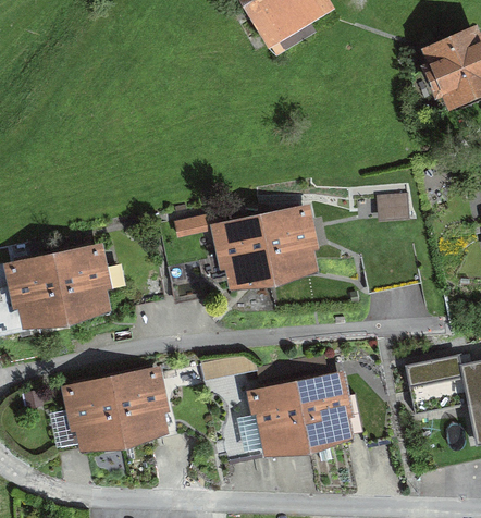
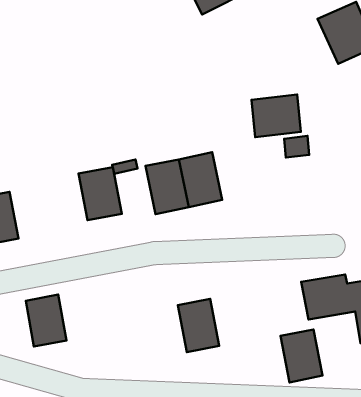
building: none -> [251,94,301,137]
building: [51,249,103,313] -> [79,167,122,220]
building: [110,374,160,436] -> none
building: [294,379,345,443] -> [280,330,323,383]

